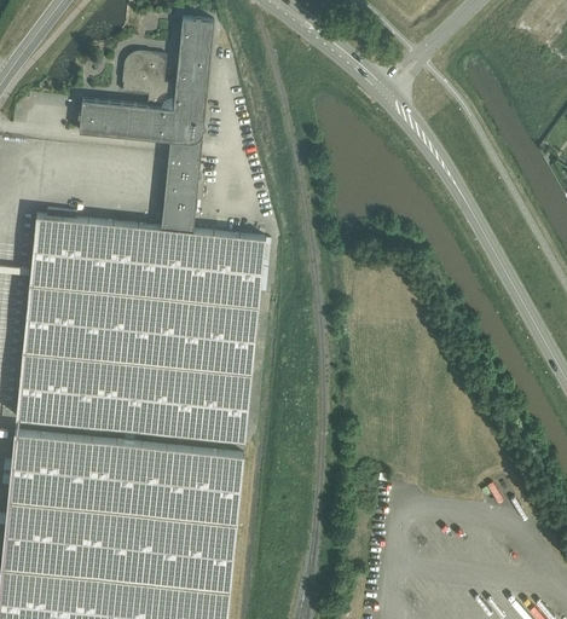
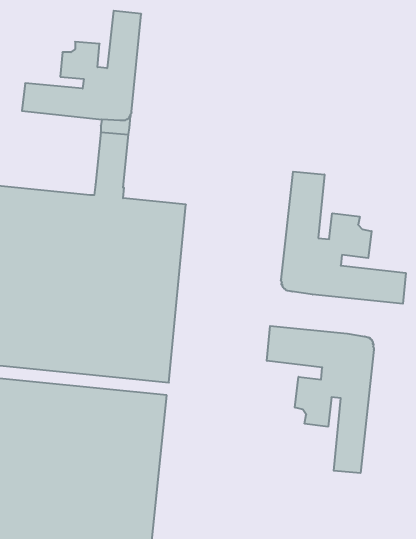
building: none -> [281,172,406,304]
building: none -> [267,326,374,473]

